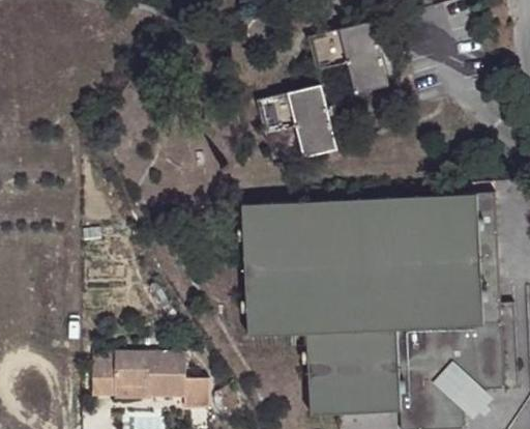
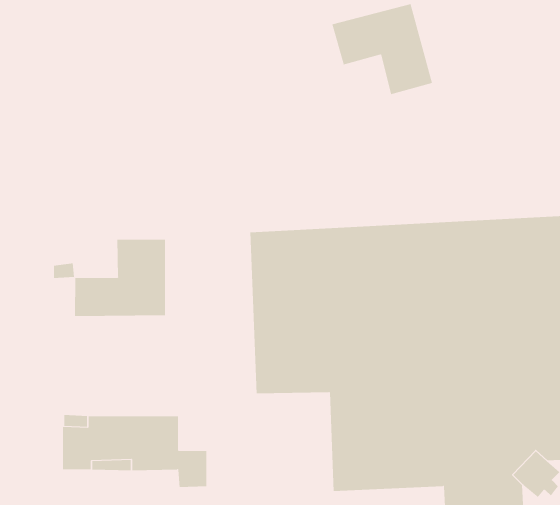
building: [258,84,338,155] -> none
building: none -> [75,239,166,317]

